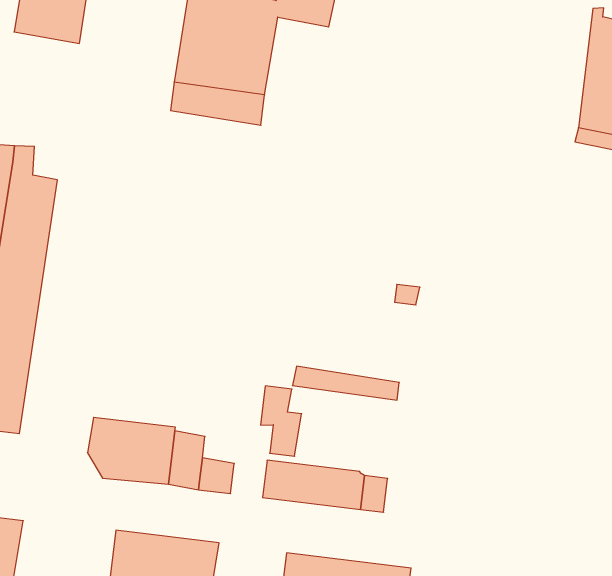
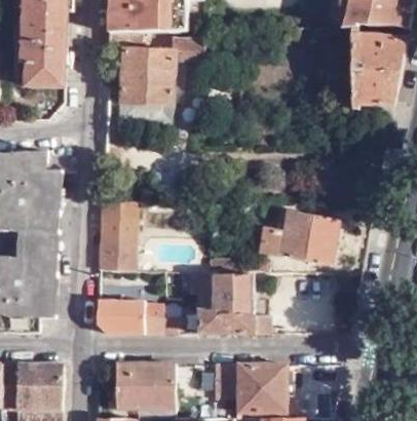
building: none -> [98,197,136,268]
building: none -> [258,206,338,261]
building: none -> [198,272,253,311]

